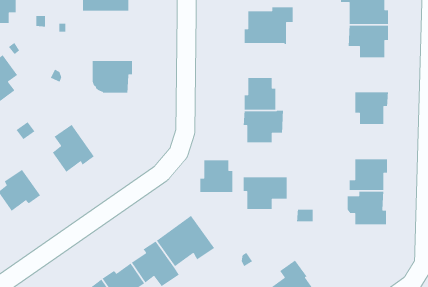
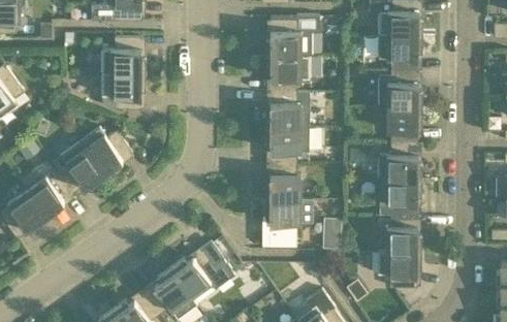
building: none -> [101,37,146,73]
building: none -> [265,56,309,92]
building: none -> [378,71,422,107]
building: none -> [80,128,132,178]
building: none -> [378,143,421,180]
building: none -> [26,173,73,220]
building: [200,160,233,193] -> [264,163,300,199]
building: none -> [377,252,420,288]

